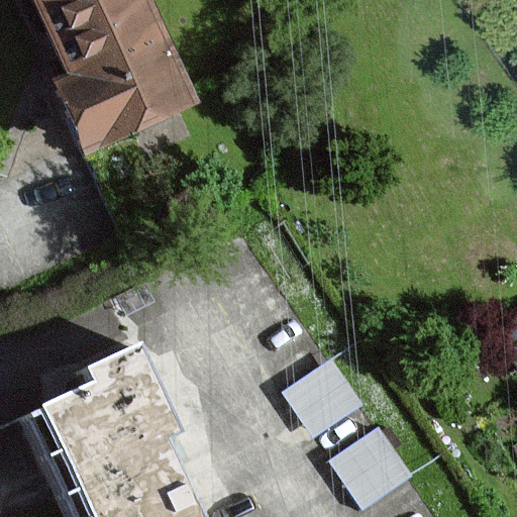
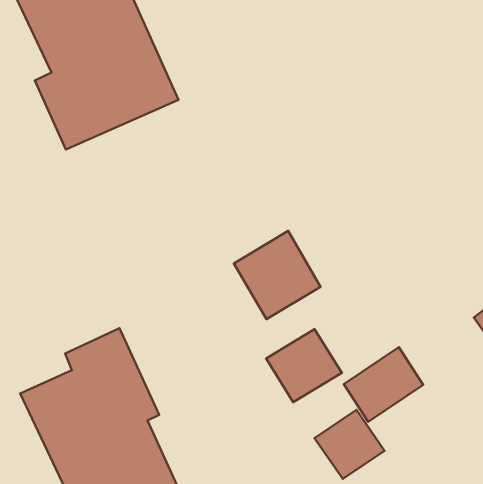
building: none -> [234,231,320,319]
building: none -> [344,347,423,422]

